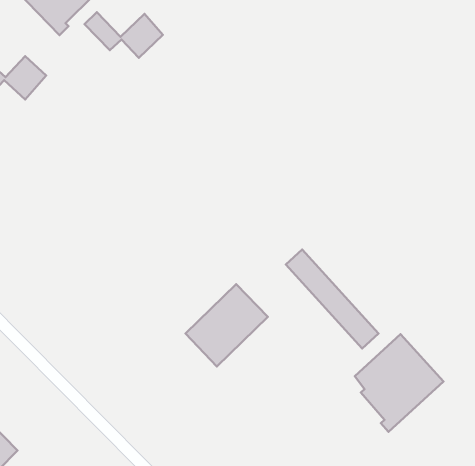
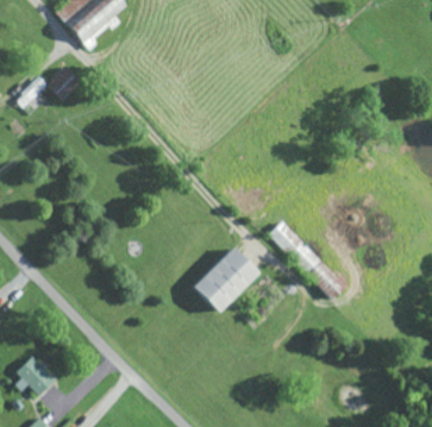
building: [85,12,163,58] -> none
building: [355,334,444,432] -> none

